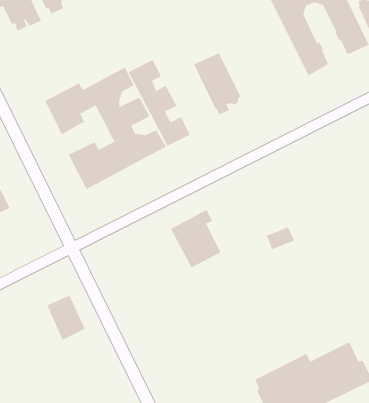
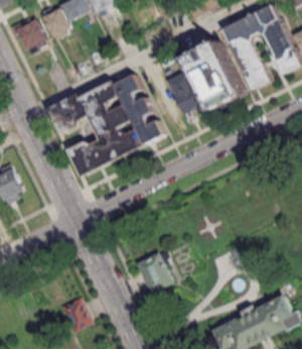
building: none -> [185,41,245,110]
building: [170,209,221,268] -> [136,249,175,295]
building: [46,295,86,341] -> [61,298,92,333]

